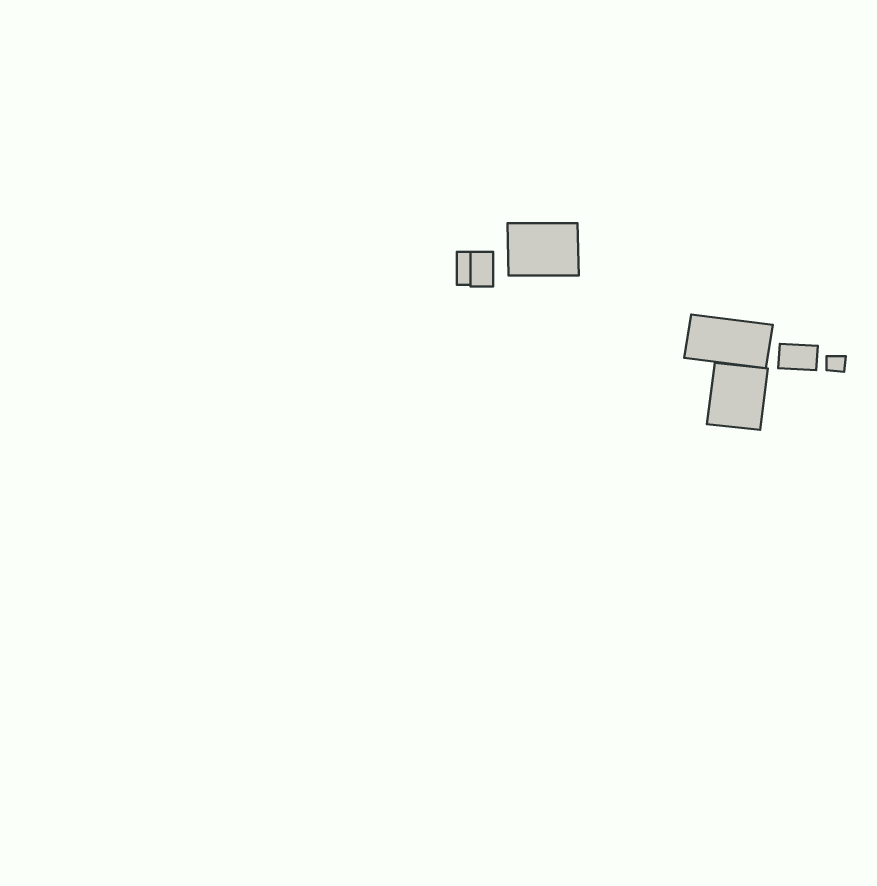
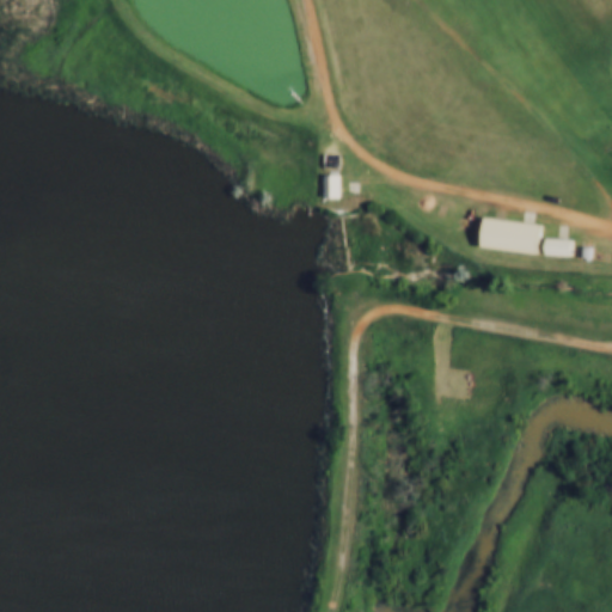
building: [507,223,579,275] -> none
building: [707,363,768,430] -> none

